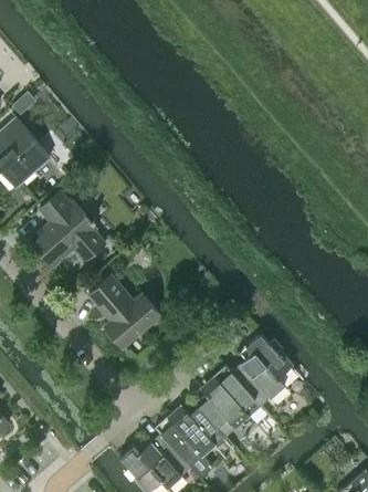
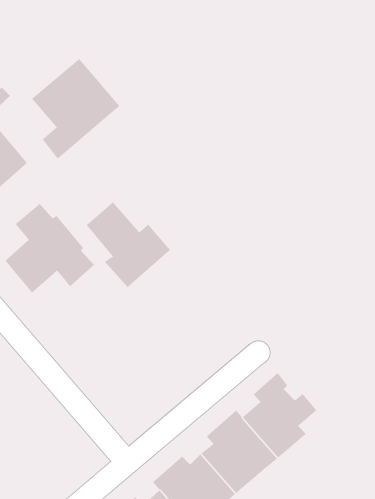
building: none -> [31,58,120,160]
building: [88,276,160,349] -> [86,202,171,288]

